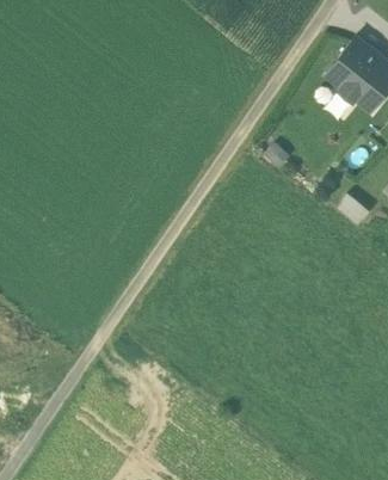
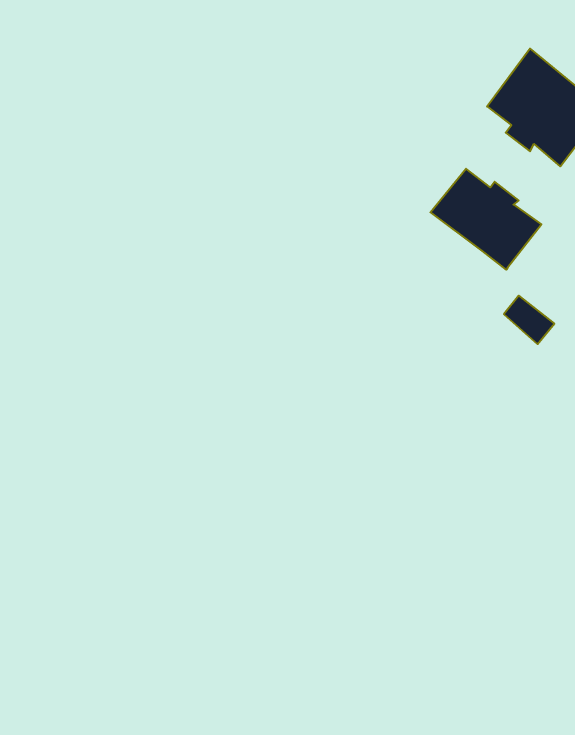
building: none -> [430,169,541,270]

